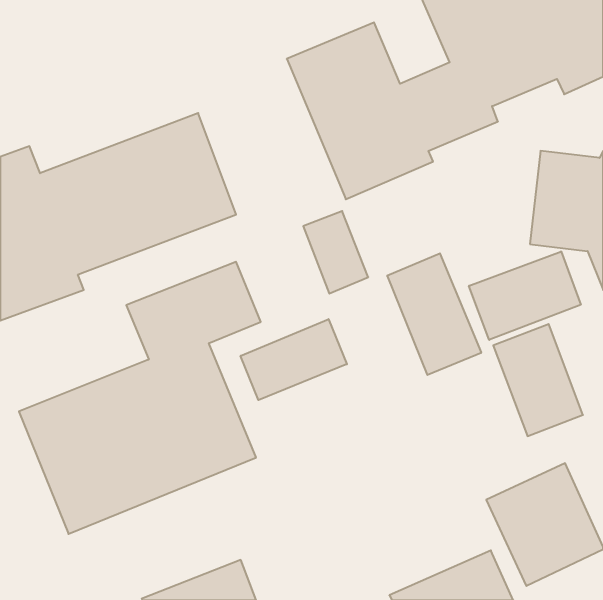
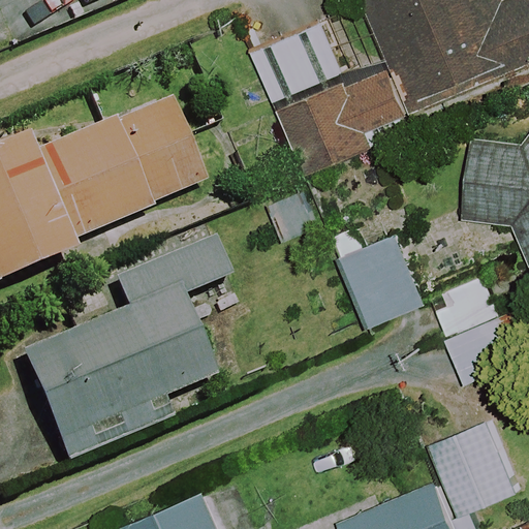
building: [469,251,581,340] -> none
building: [241,319,347,400] -> none

